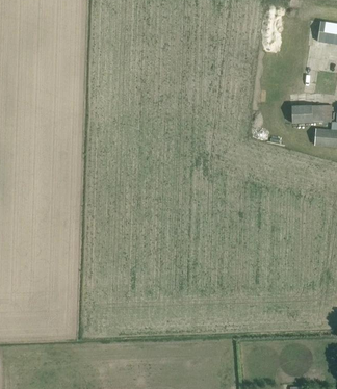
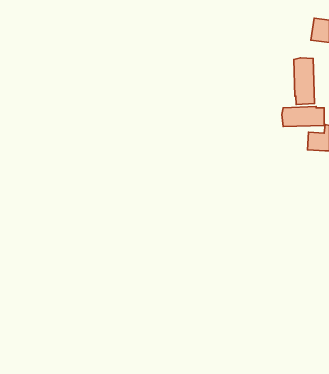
building: none -> [294,58,314,105]

